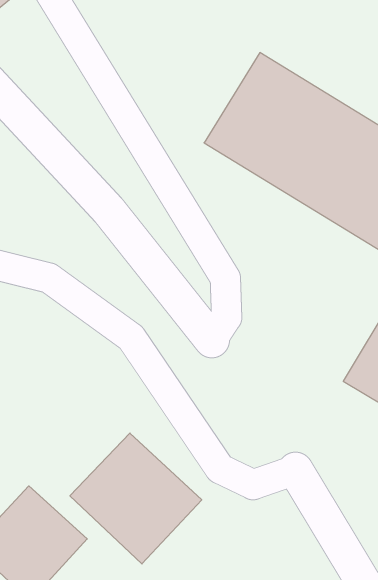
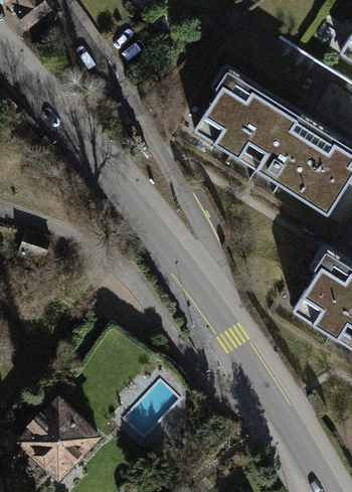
building: [70,433,202,564] -> none

